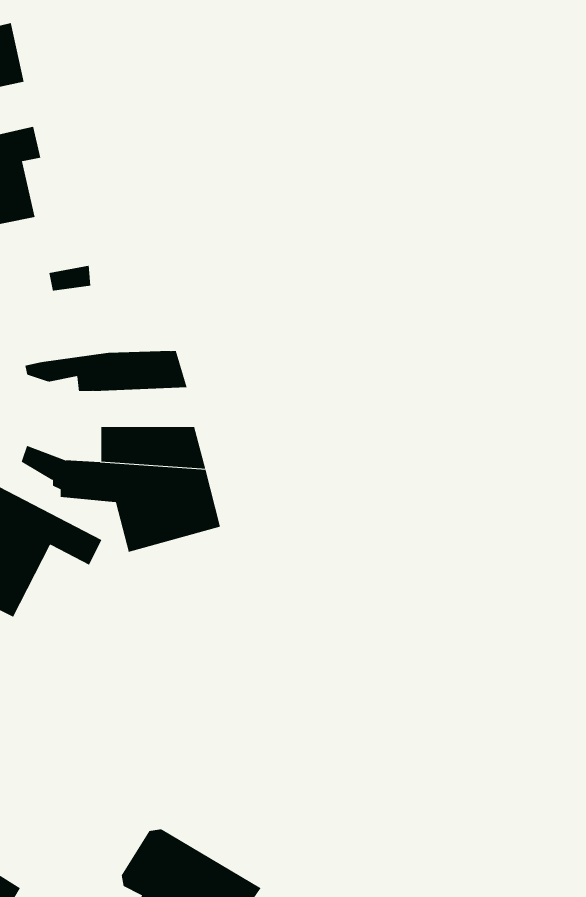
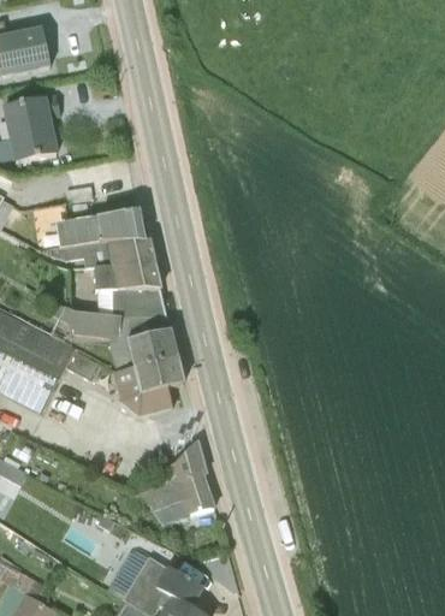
building: none -> [55,209,144,247]
building: none -> [94,263,160,289]
building: none -> [112,354,183,415]
building: none -> [138,440,214,523]

